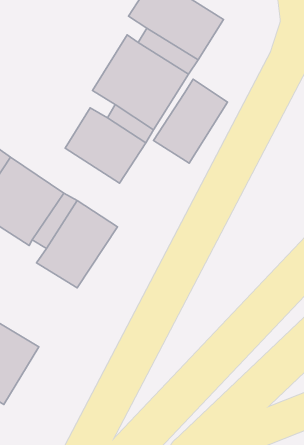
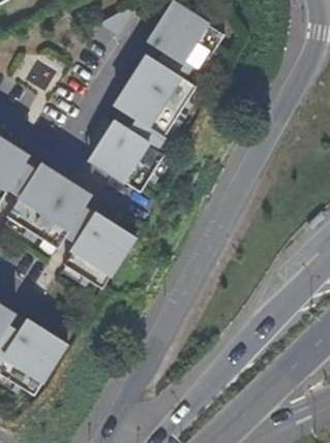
building: [154,79,228,163] -> none

